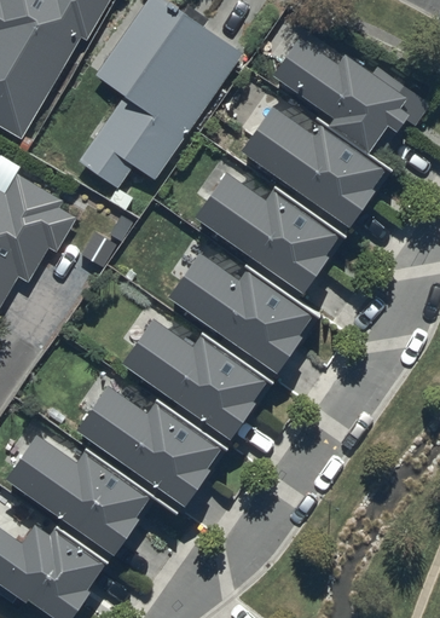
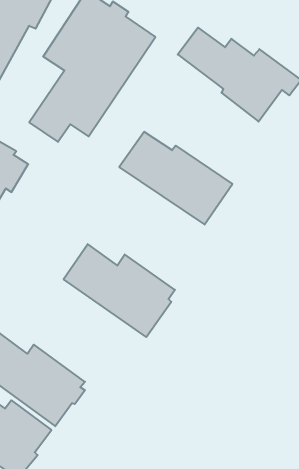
building: [239,106,389,229] -> none
building: [168,253,315,372] -> none
building: [76,386,224,507] -> none

